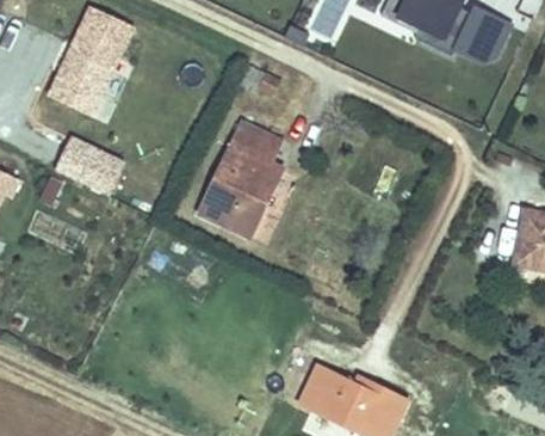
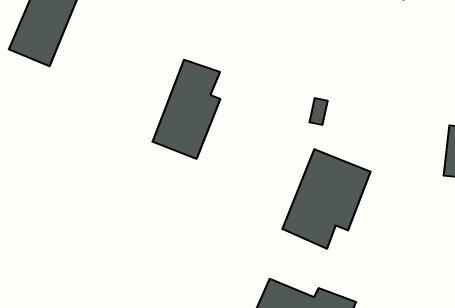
building: [55,140,122,198] -> none
building: none -> [282,149,370,249]

